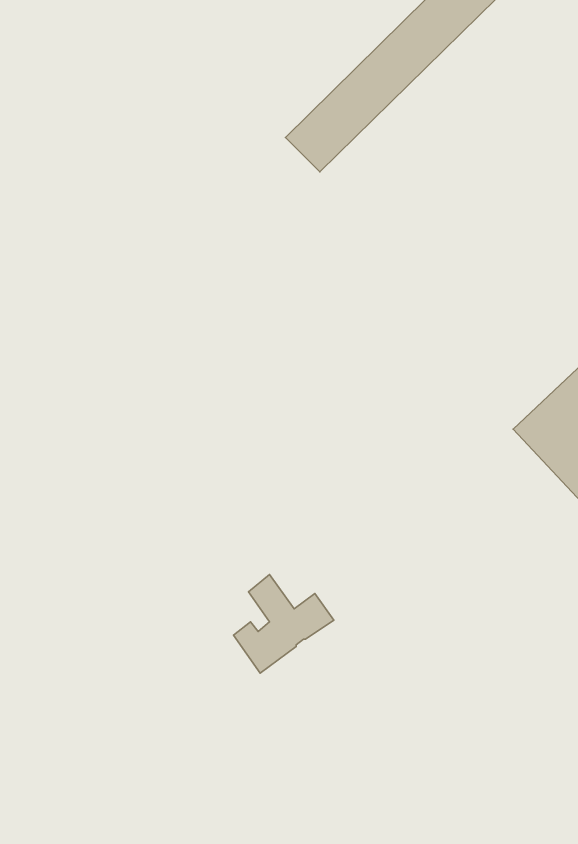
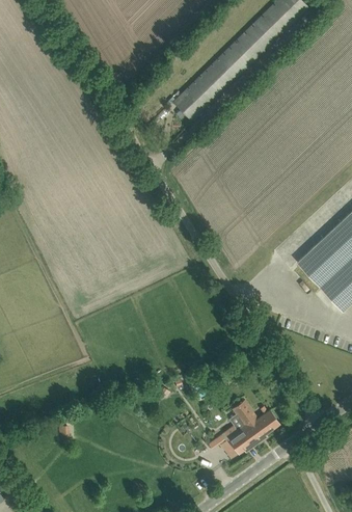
building: [233,575,334,673] -> [222,401,277,455]

